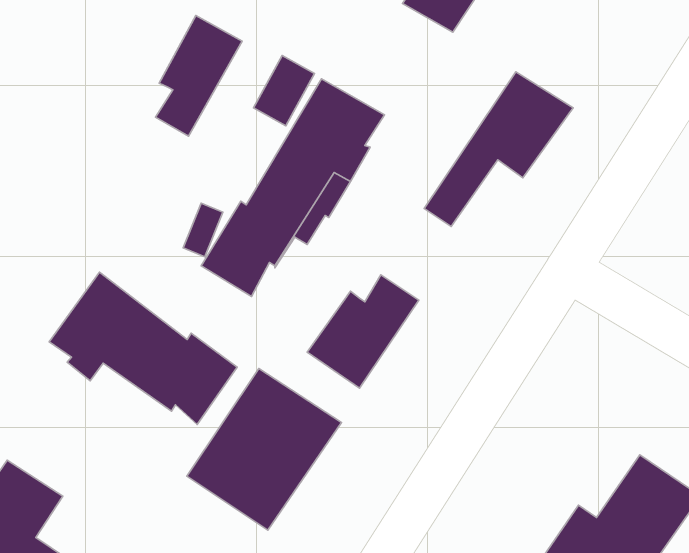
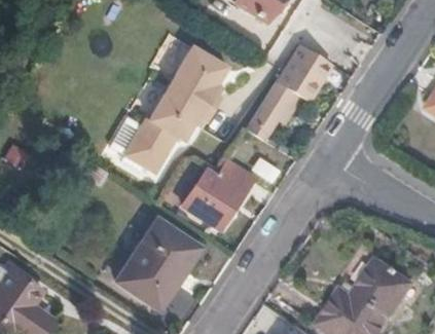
building: [156,15,242,136] -> none
building: [49,272,237,425] -> none

